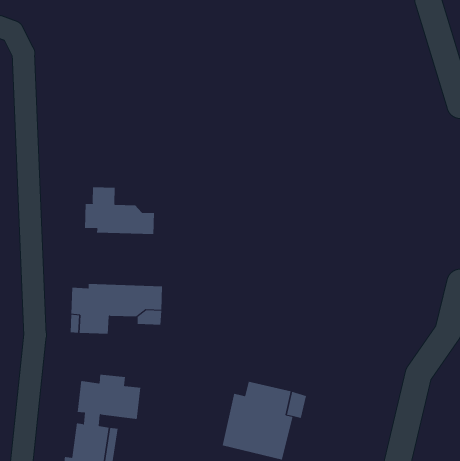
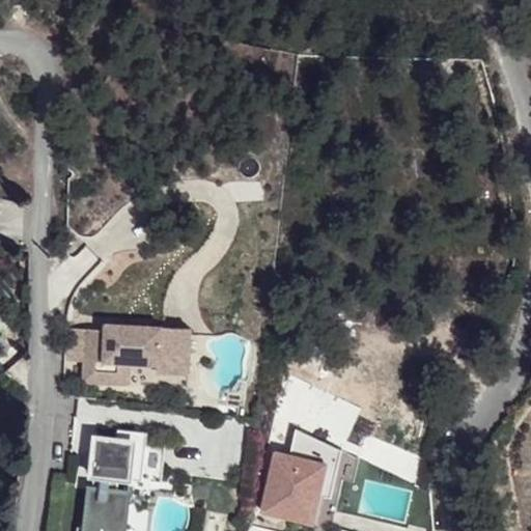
building: [84,186,155,235] -> none

